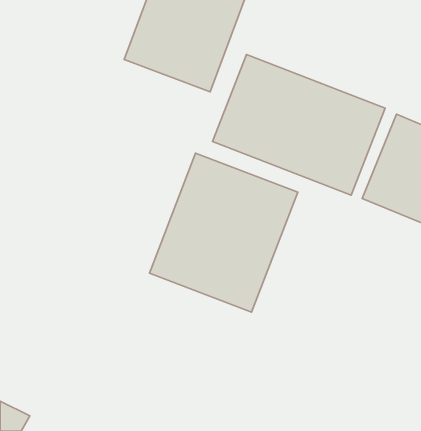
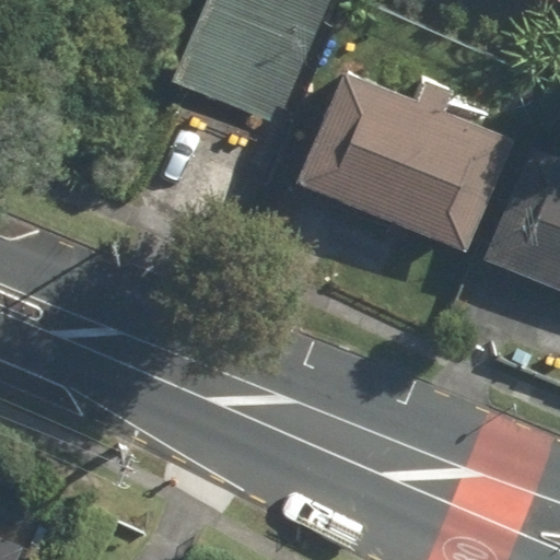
building: [149,153,298,312] -> none

